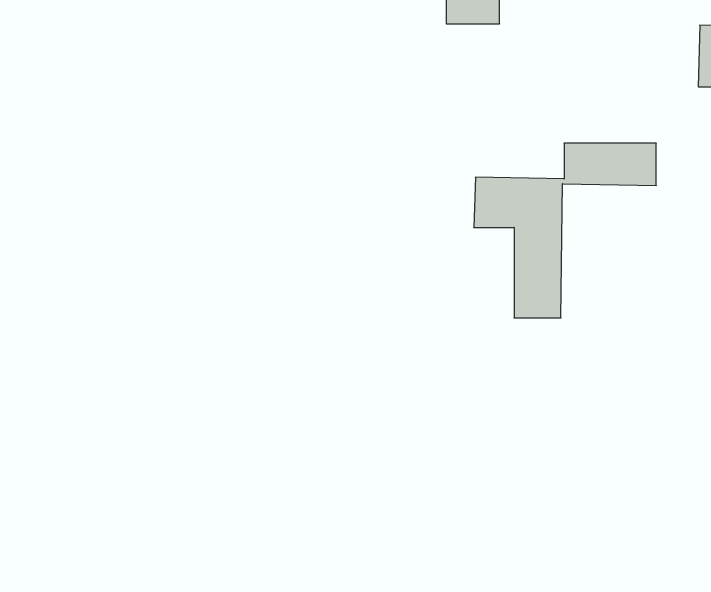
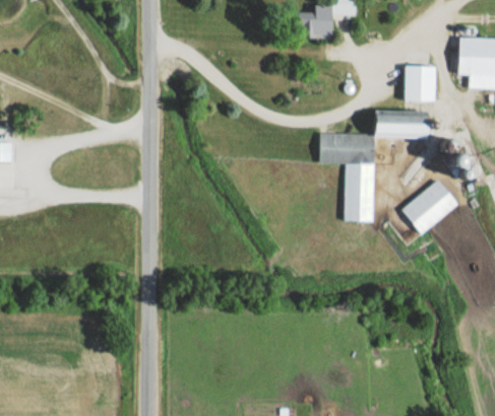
building: none -> [404,66,436,101]
building: none -> [401,179,458,234]

